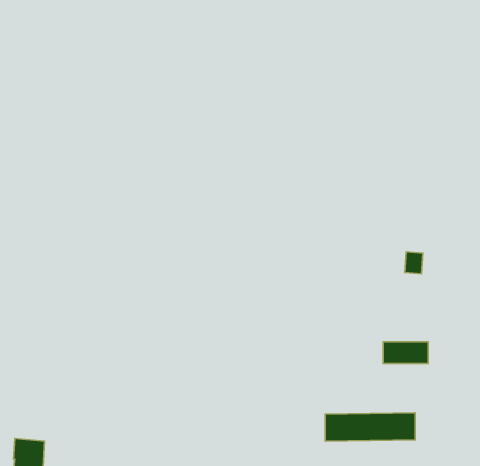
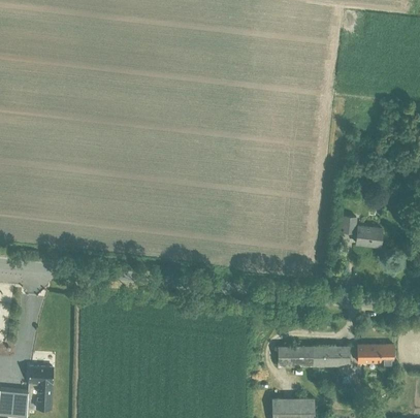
building: none -> [356,227,382,248]
building: [383,342,428,364] -> [357,346,393,363]

